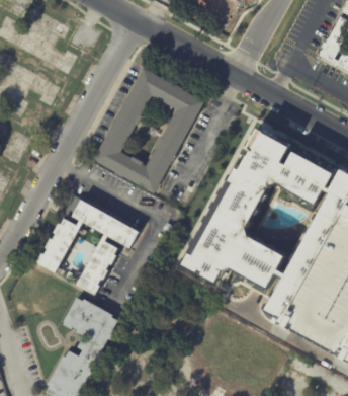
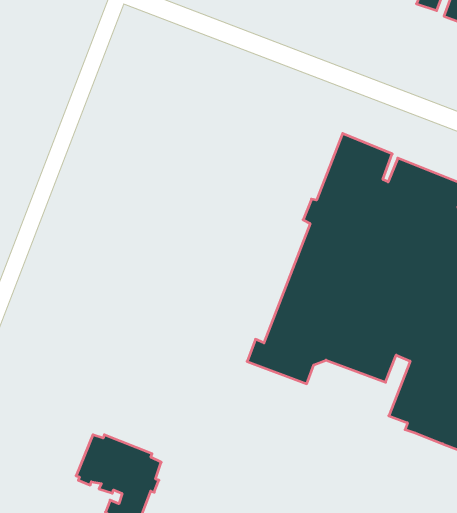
building: [93,67,203,192] -> none
building: [35,194,138,294] -> none

